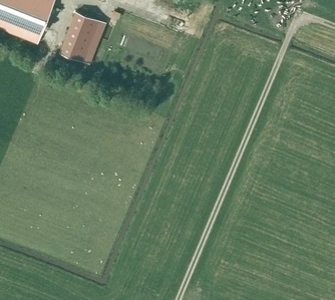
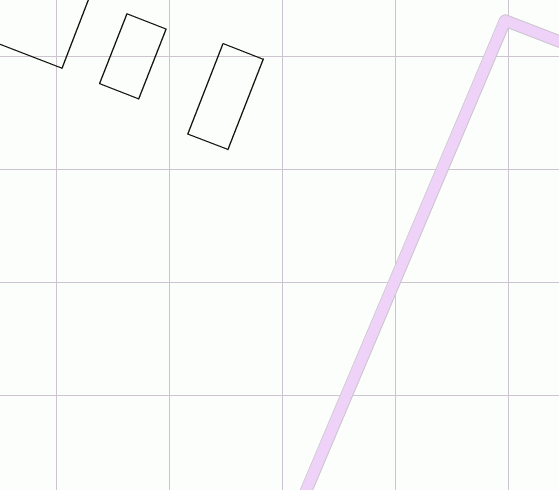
building: none -> [188,44,263,150]

